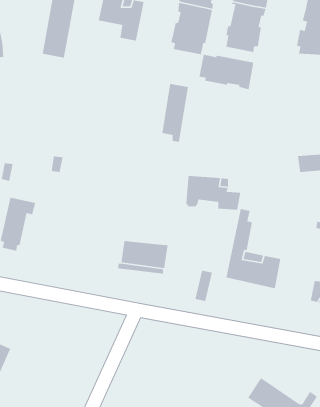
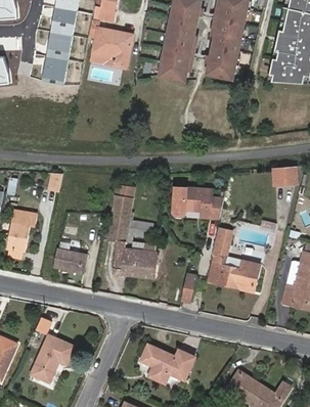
building: [198,54,254,91] -> none
building: [161,83,189,143] -> [106,195,131,248]
building: none -> [53,250,85,272]
building: none -> [31,335,72,381]
building: none -> [139,346,193,382]

